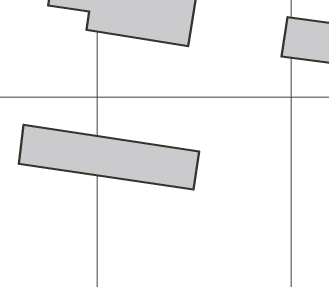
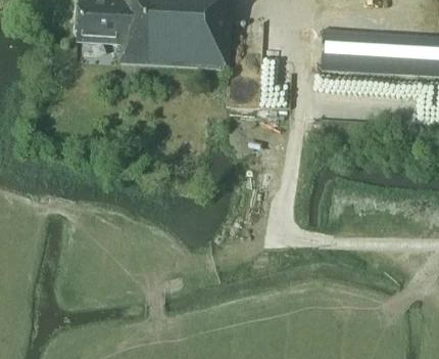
building: [19,125,199,189] -> none

